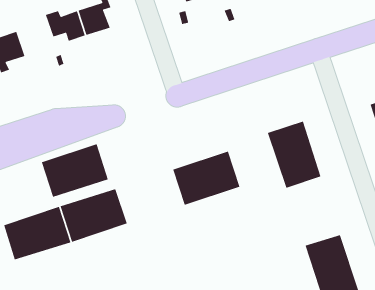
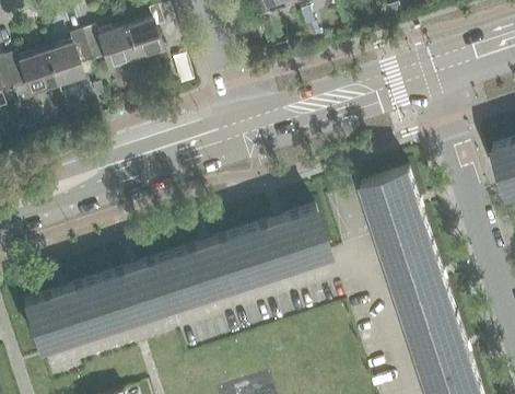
building: none -> [39,36,85,90]
building: [41,143,109,198] -> [166,234,254,304]
building: none -> [384,244,454,332]

